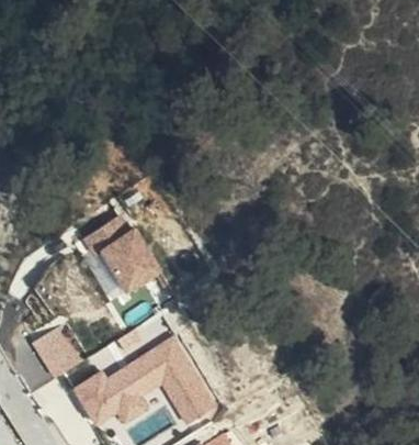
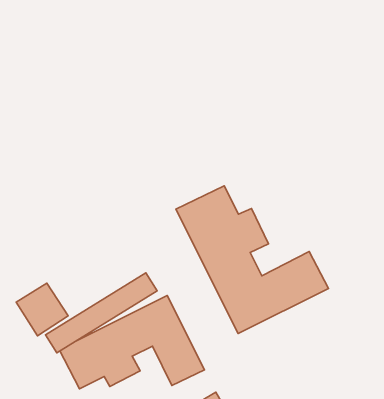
building: [80,214,156,297] -> none
building: none -> [176,186,328,333]

